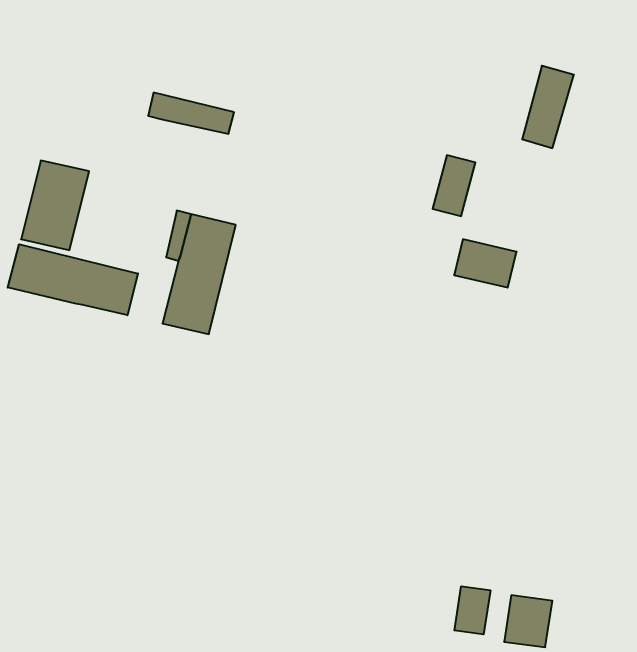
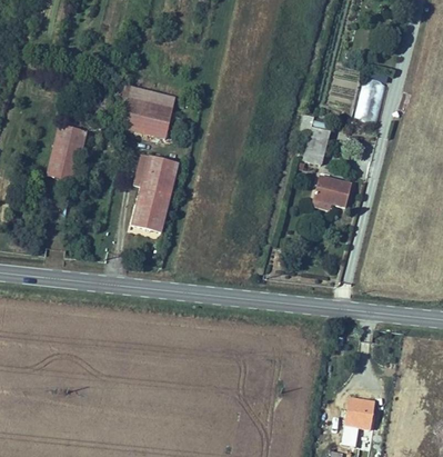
building: none -> [124,101,179,141]
building: [8,244,138,315] -> none
building: [454,586,490,634] -> none

